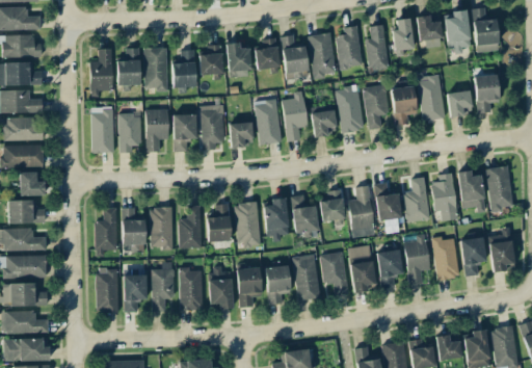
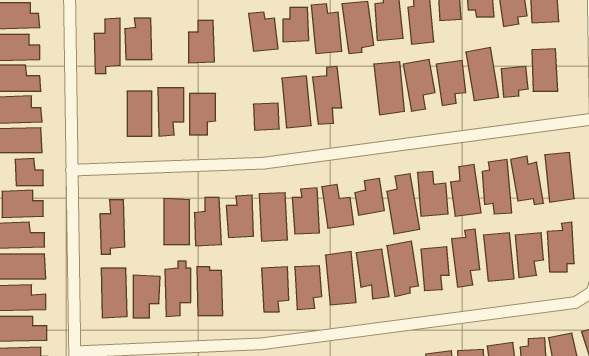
building: [200,45,222,75] -> none
building: [144,48,167,90] -> none
building: [201,105,224,150] -> none
building: [91,107,114,153] -> none
building: [311,110,337,136] -> none
building: [121,207,145,244] -> none
building: [209,266,232,309] -> none

